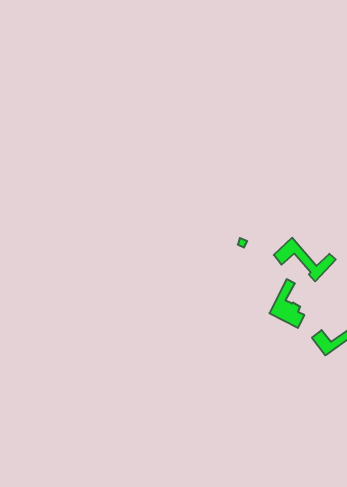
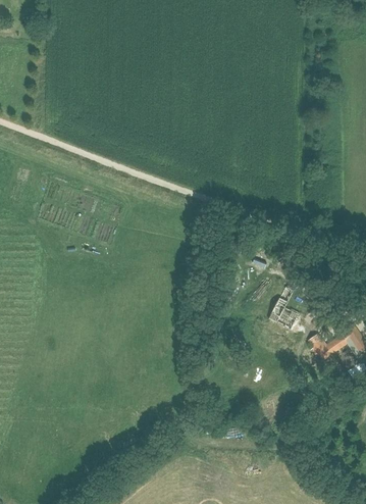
building: [274,238,336,281] -> none

